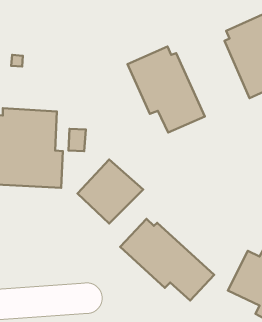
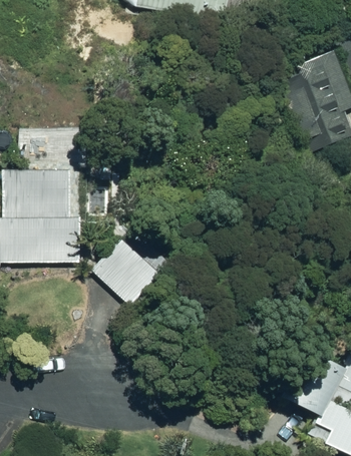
building: [128,47,205,133] -> none
building: [120,219,214,300] -> none

